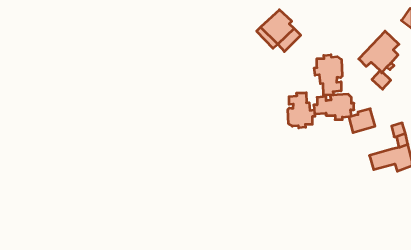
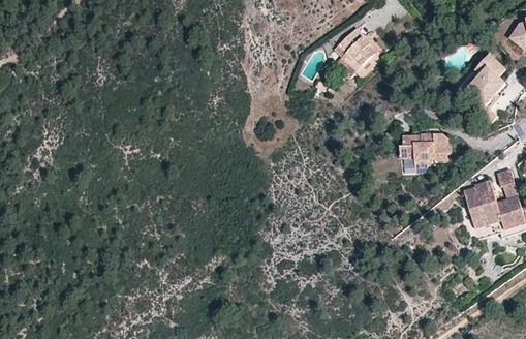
building: [314,55,342,95] -> none
building: [288,93,315,128] -> none
building: [349,109,375,133] -> [464,180,497,210]

